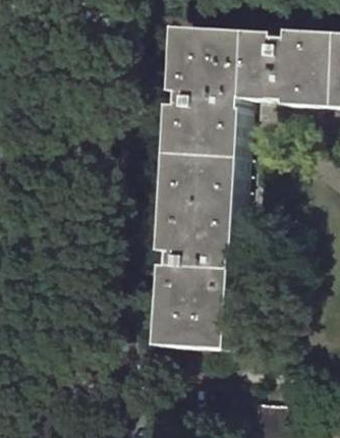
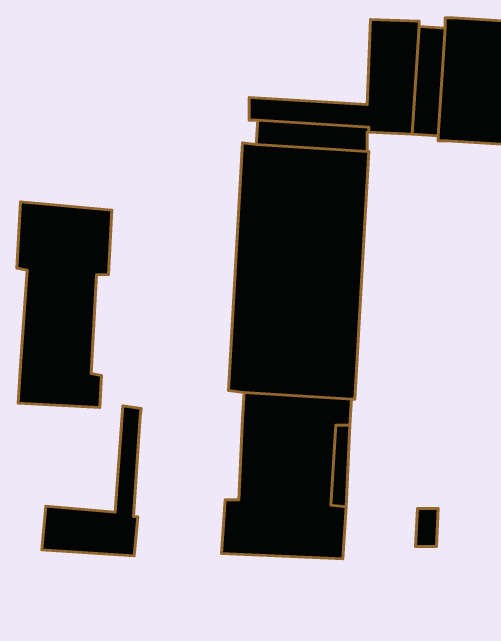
building: [173,28,244,81] -> none
building: none -> [17,202,112,408]
building: none -> [42,406,141,556]

